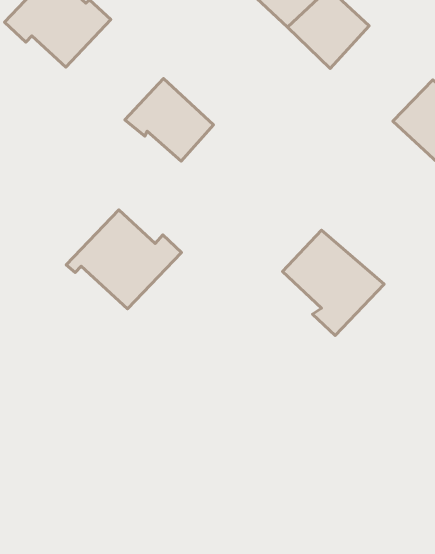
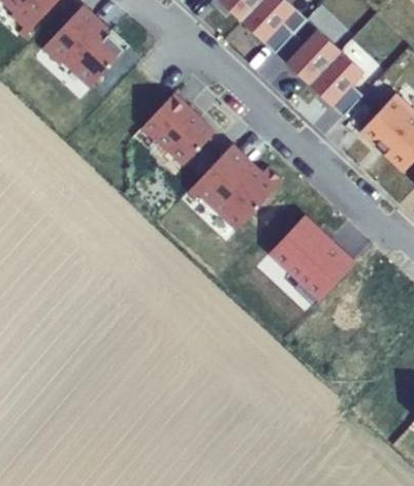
building: none -> [310,51,363,116]
building: [66,210,182,309] -> [187,145,282,227]

